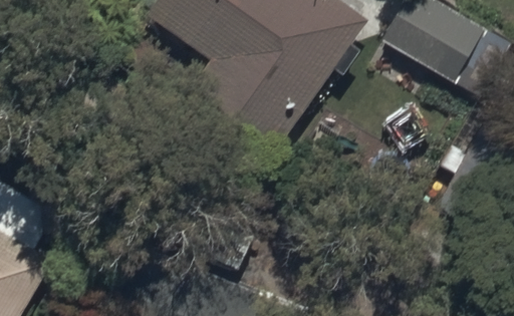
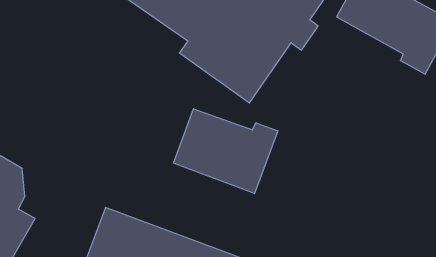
building: none -> [174,109,278,194]

